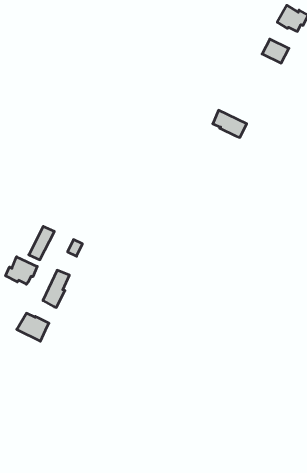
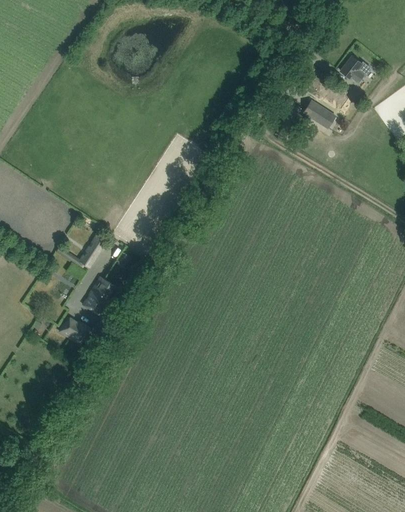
building: [213,110,247,137] -> [303,100,335,128]
building: [6,257,37,284] -> none

